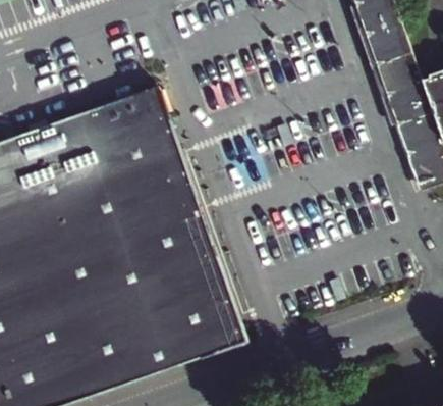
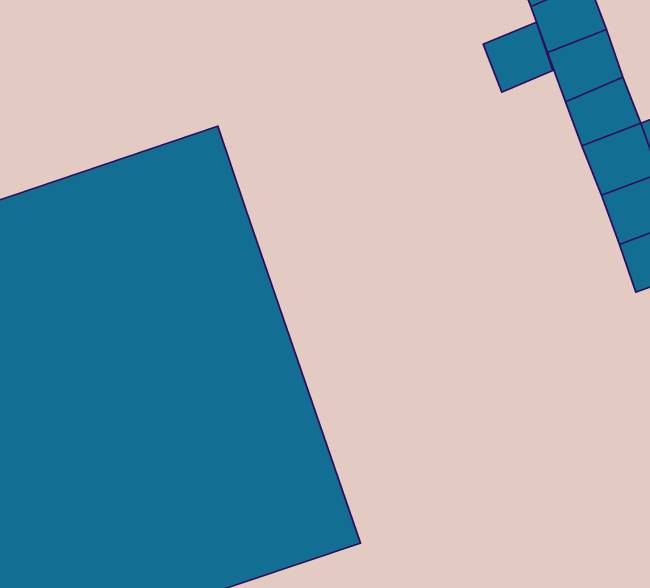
building: none -> [483,22,553,92]

